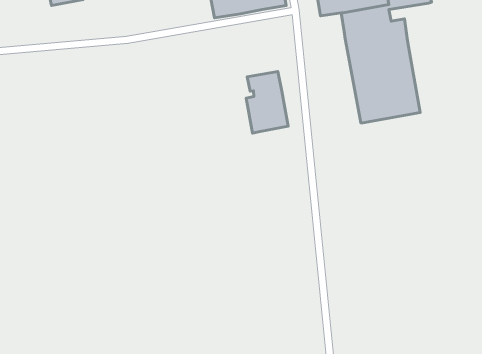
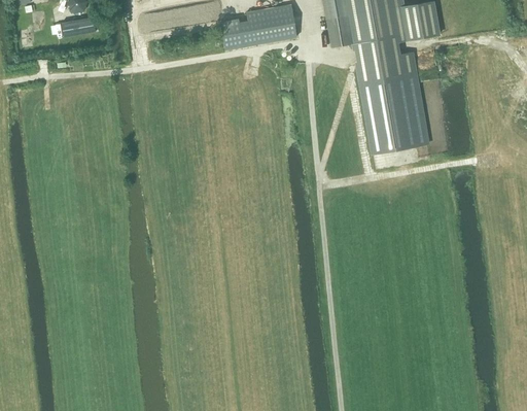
building: [246,71,288,133] -> none

